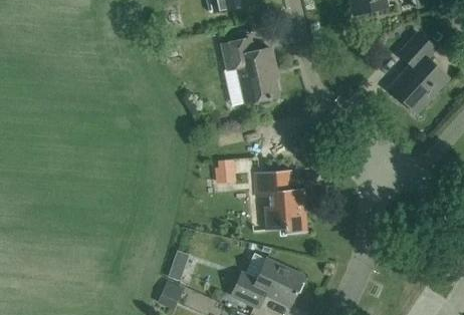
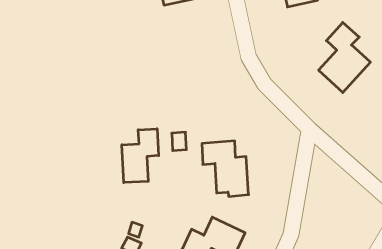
building: [223,38,279,103] -> none
building: none -> [122,129,159,183]

